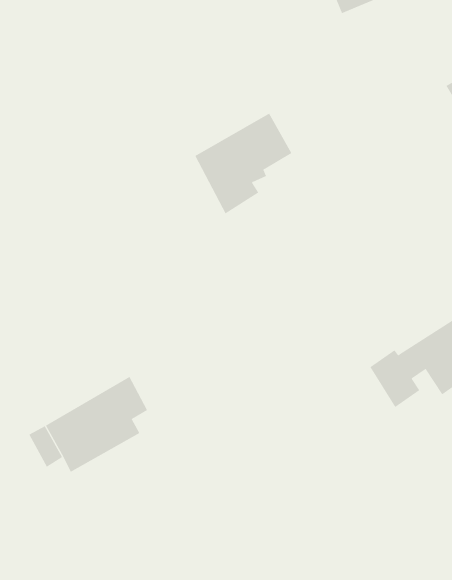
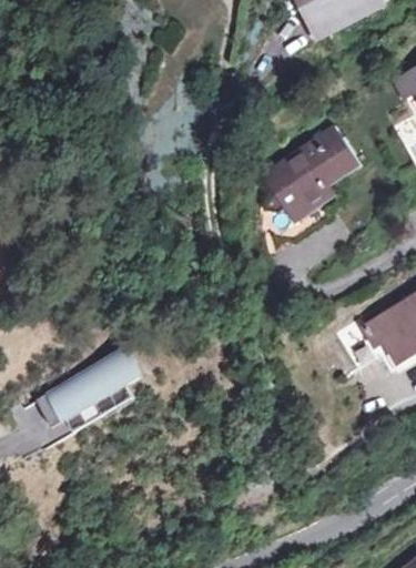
building: [195,113,292,214] -> [273,122,358,211]

